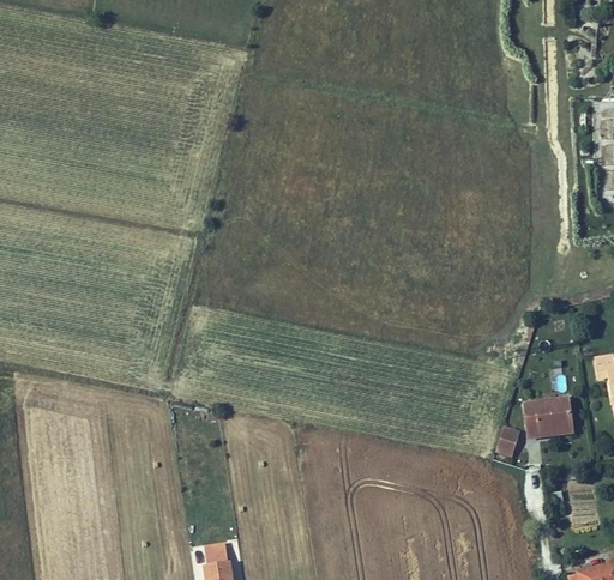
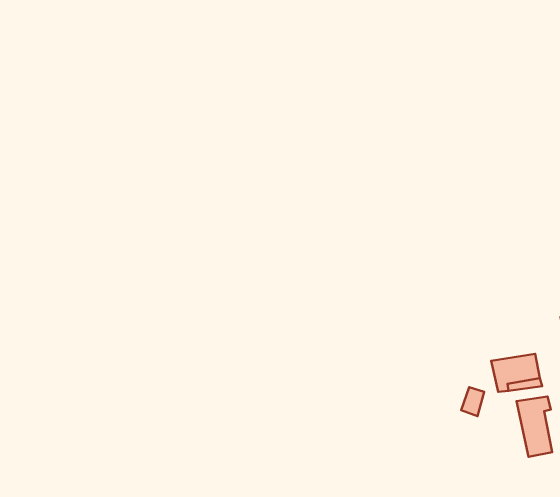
building: none -> [517,397,552,457]

